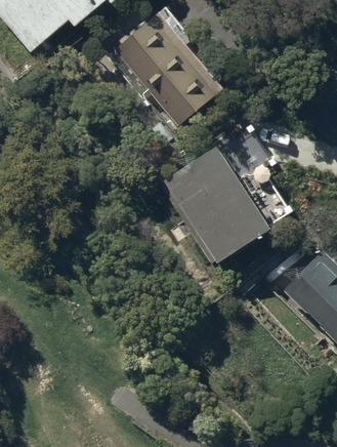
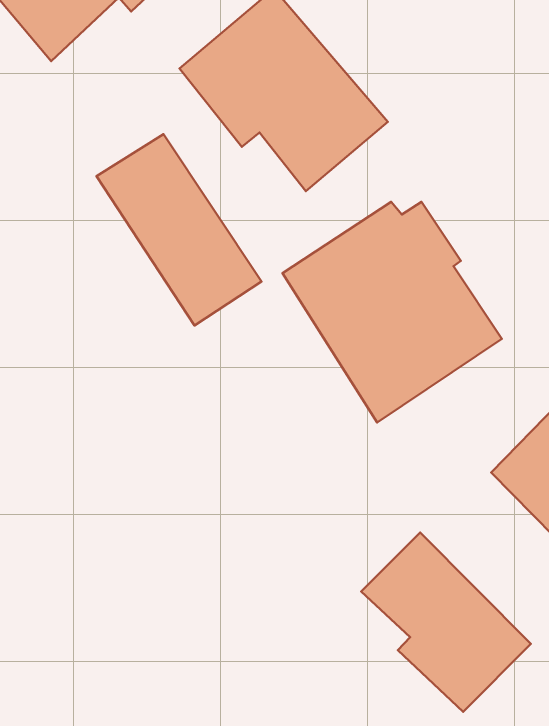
building: none -> [97,134,261,325]
building: none -> [361,533,531,712]

